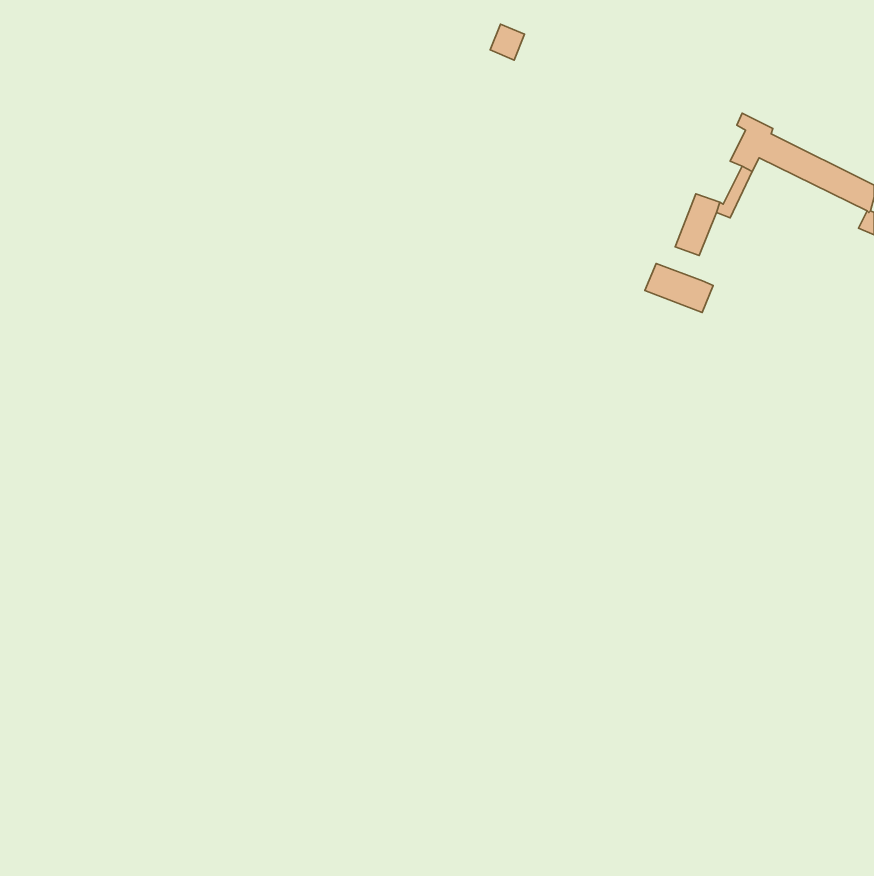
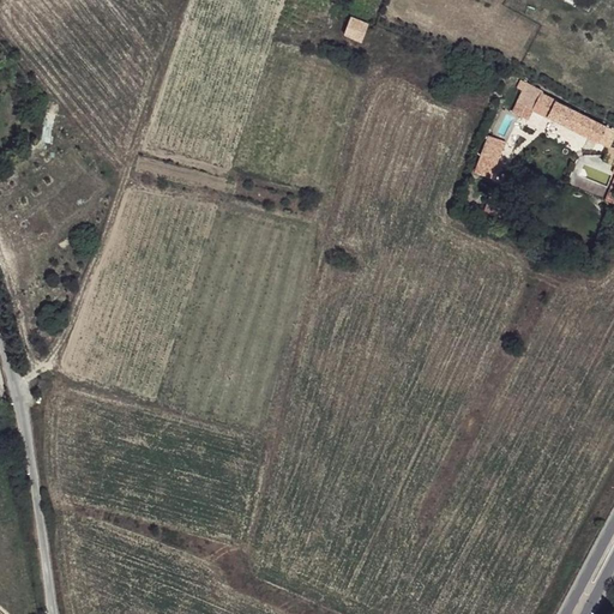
building: [645,263,713,313] -> none

